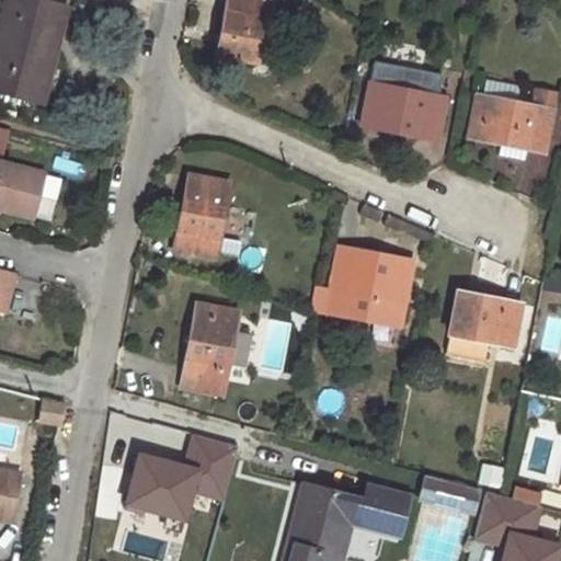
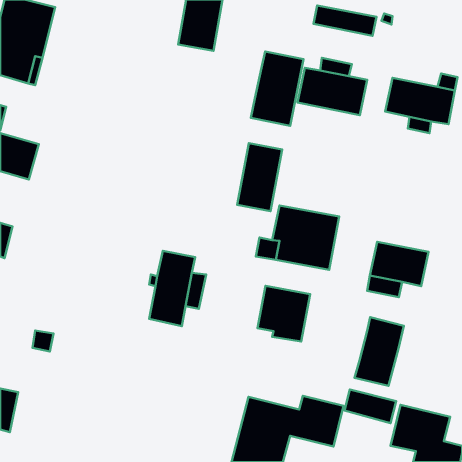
building: none -> [314,5,377,36]
building: none -> [251,52,304,126]
building: [173,175,228,257] -> [237,143,282,211]
building: none -> [258,286,310,342]
building: none -> [355,317,404,386]
building: [124,434,237,519] -> none

